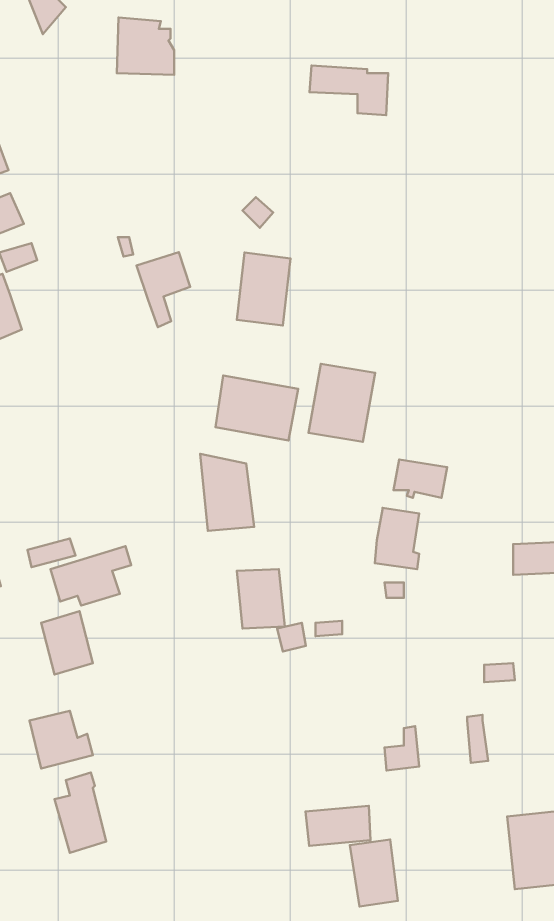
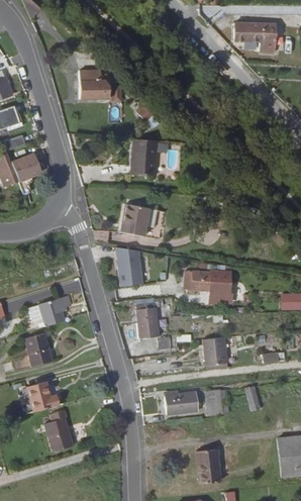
building: [117,17,174,75] -> [80,70,110,100]
building: [310,65,388,115] -> [237,22,279,48]
building: [137,252,190,327] -> [14,154,42,193]
building: [308,364,375,442] -> none
building: [394,459,447,498] -> [182,270,210,290]
building: none -> [206,336,222,365]
building: [305,806,371,846] -> [167,391,201,412]

